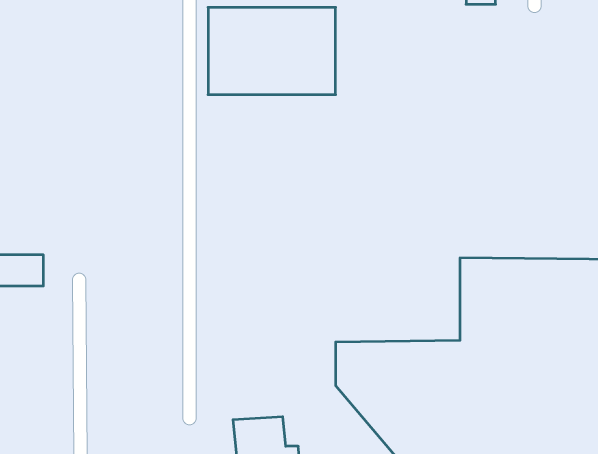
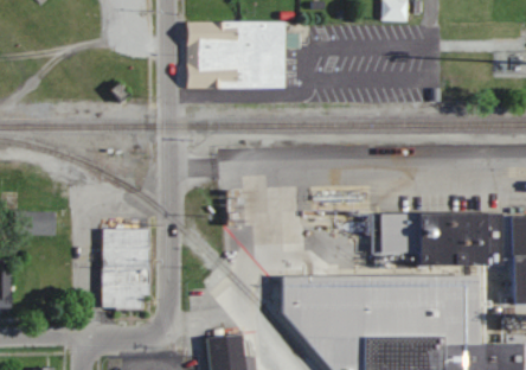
building: none -> [108,228,154,307]

